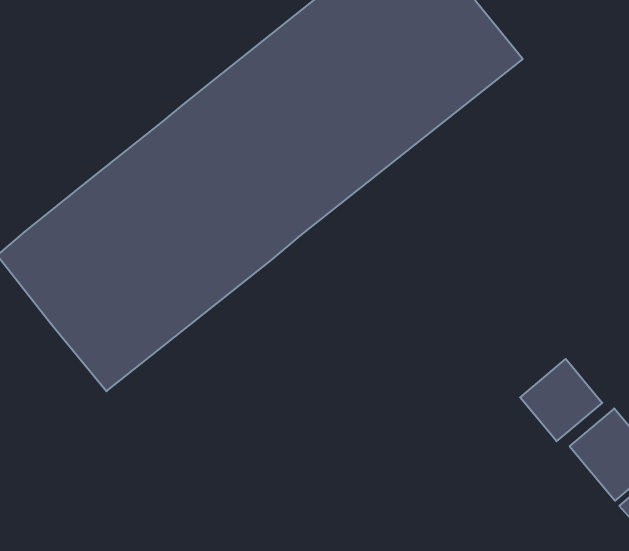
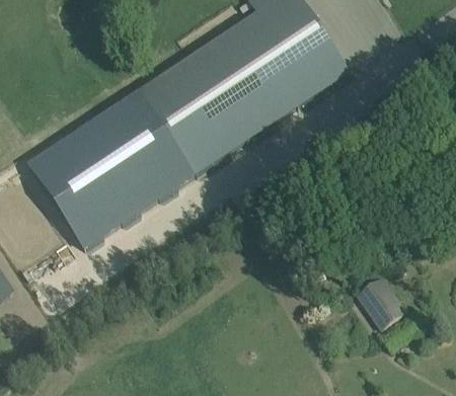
building: [520,359,602,441] -> none

